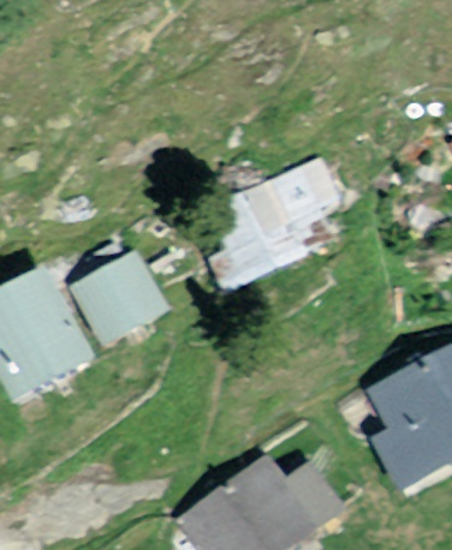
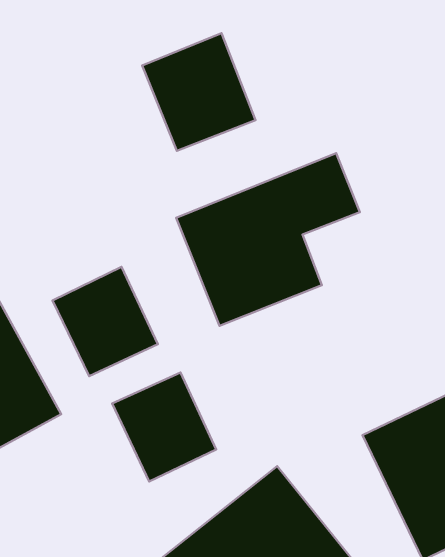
building: none -> [142,33,255,151]
building: none -> [112,372,216,481]

